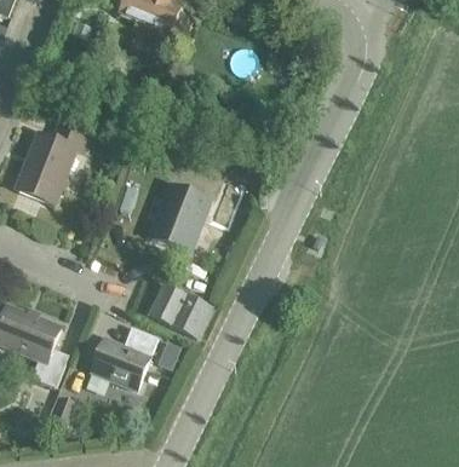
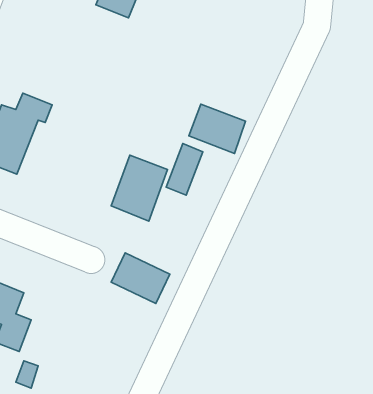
building: none -> [189,104,246,153]
building: [92,325,159,390] -> none

